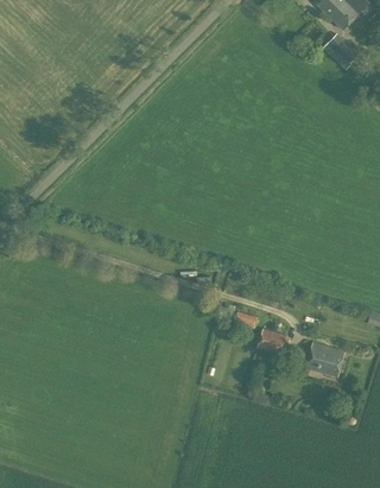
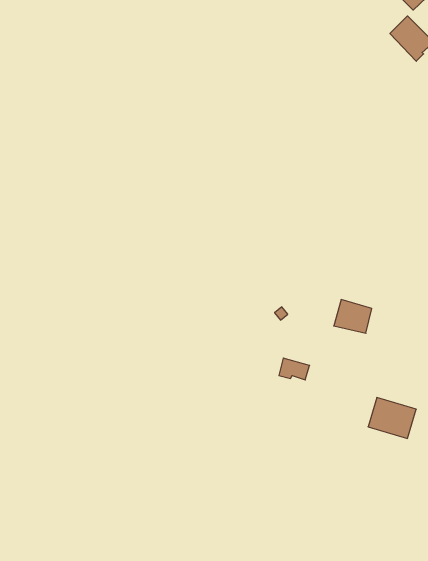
building: [256,328,287,355] -> [334,300,372,333]

